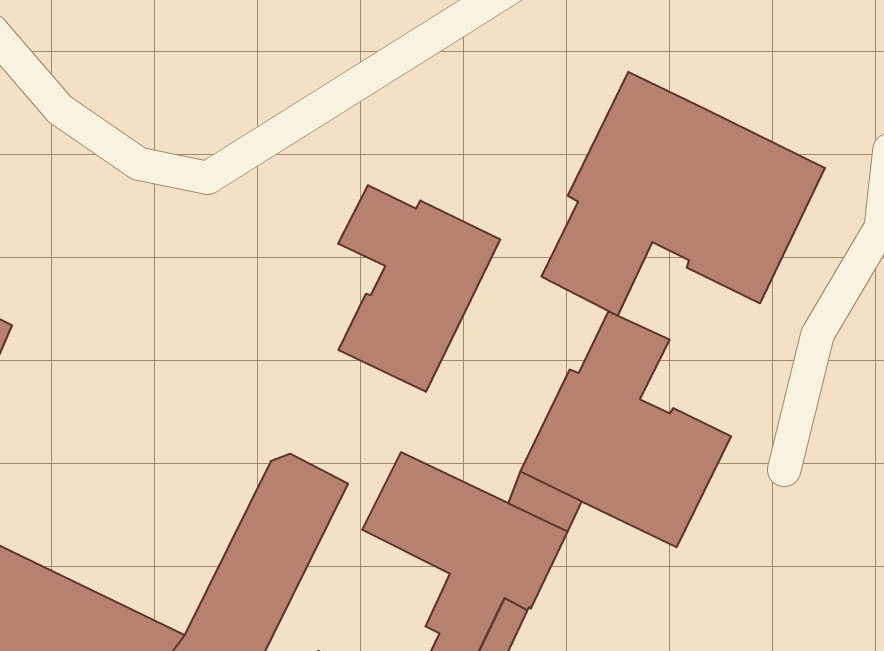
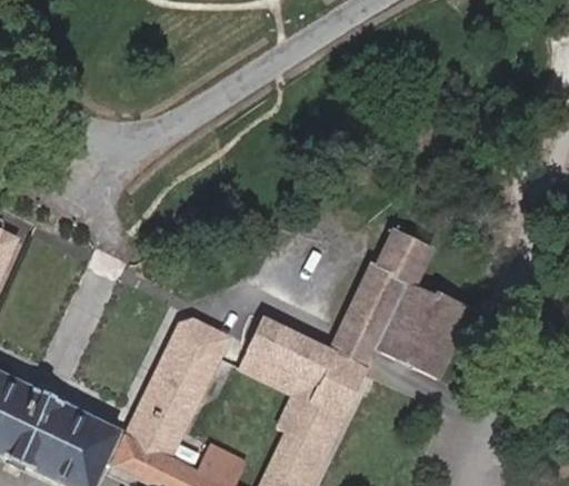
building: [542,72,825,316] -> none
building: [338,185,500,392] -> none

